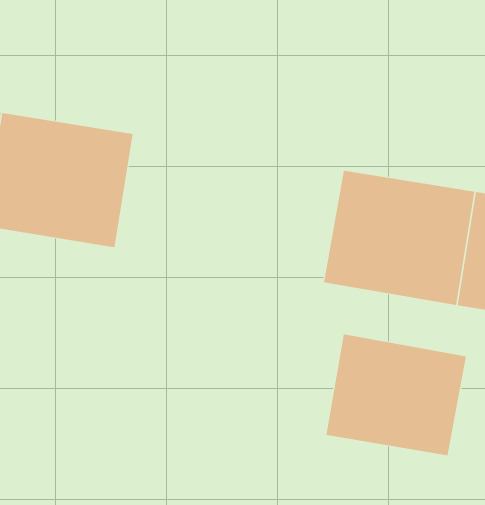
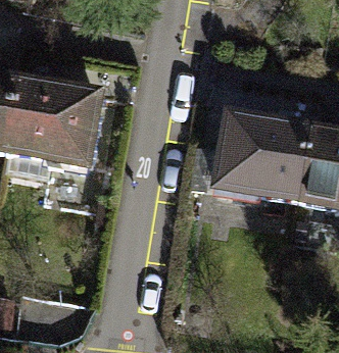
building: [326,333,467,456] -> none

